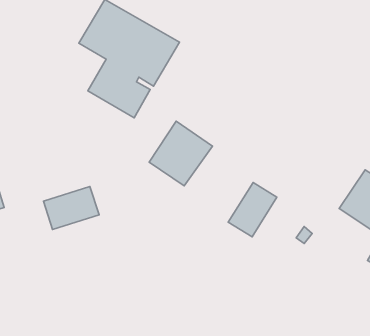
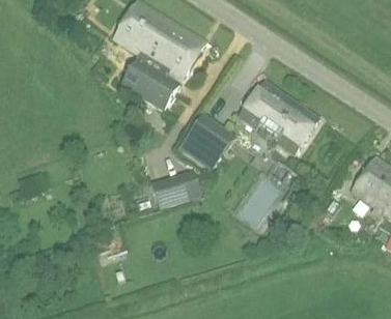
building: none -> [240,77,324,154]
building: [44,186,99,229] -> [149,169,200,208]

